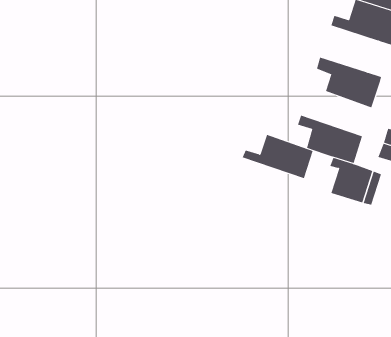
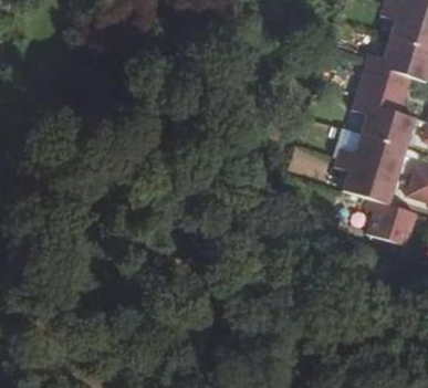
building: none -> [353,65,411,112]
building: [242,134,313,179] -> [334,130,405,175]

